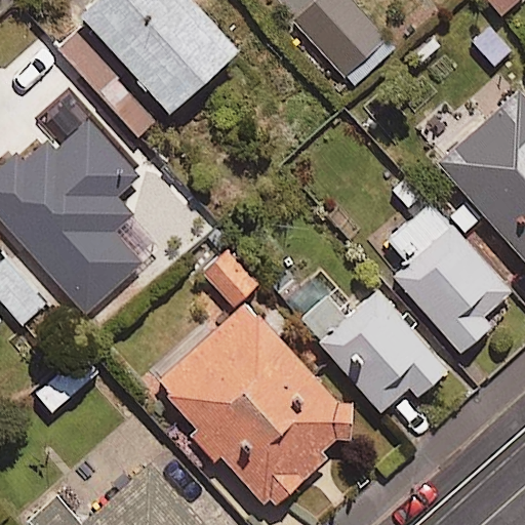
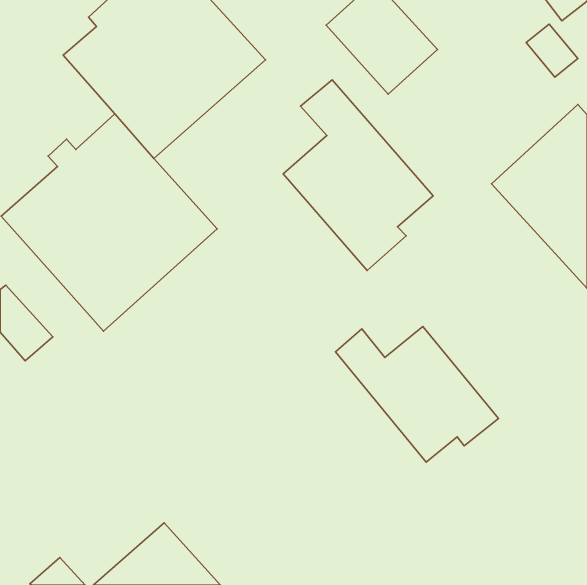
building: none -> [283,80,433,271]
building: [388,202,510,353] -> none
building: [154,304,352,511] -> none

